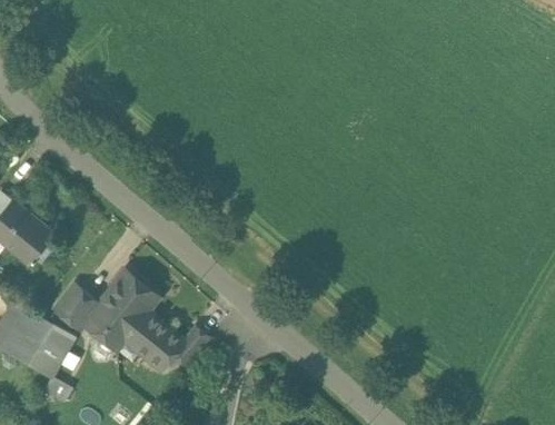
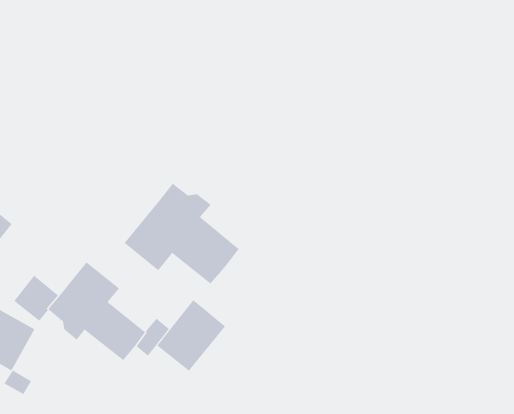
building: none -> [124,183,239,284]
building: none -> [157,300,226,371]

